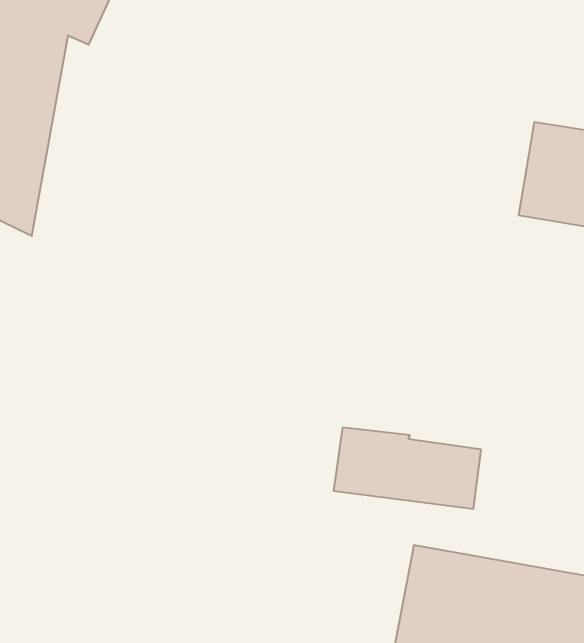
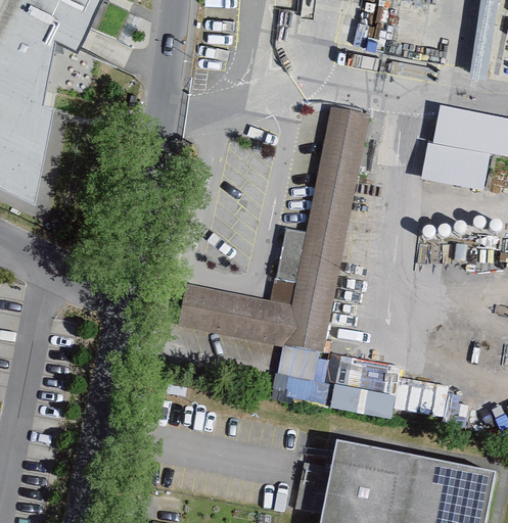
building: none -> [182,107,368,351]

